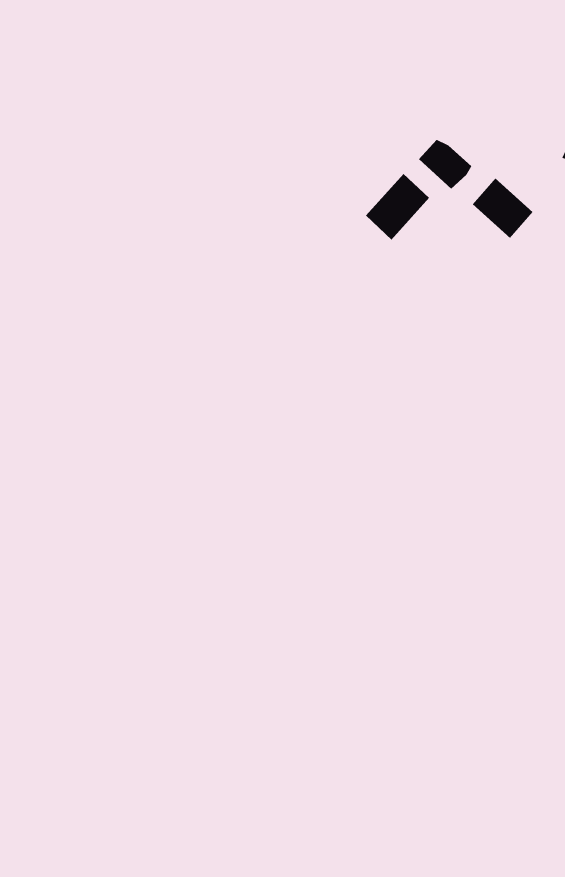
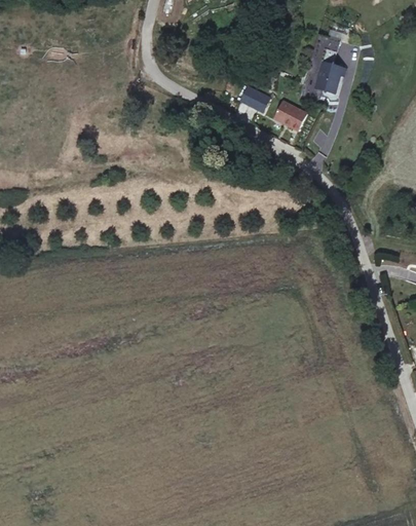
building: [365,173,430,240] -> none

